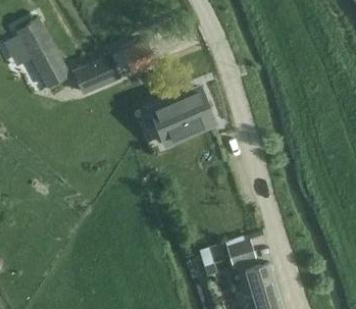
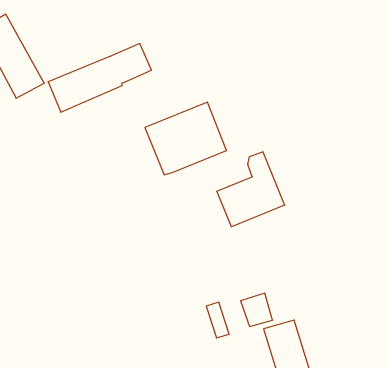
building: none -> [217,152,284,227]

